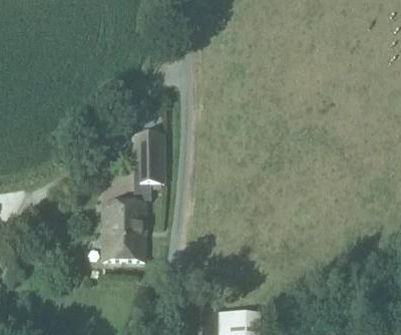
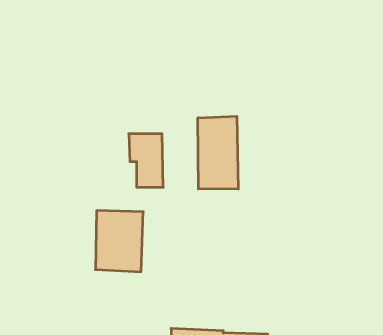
building: none -> [198,116,238,189]

